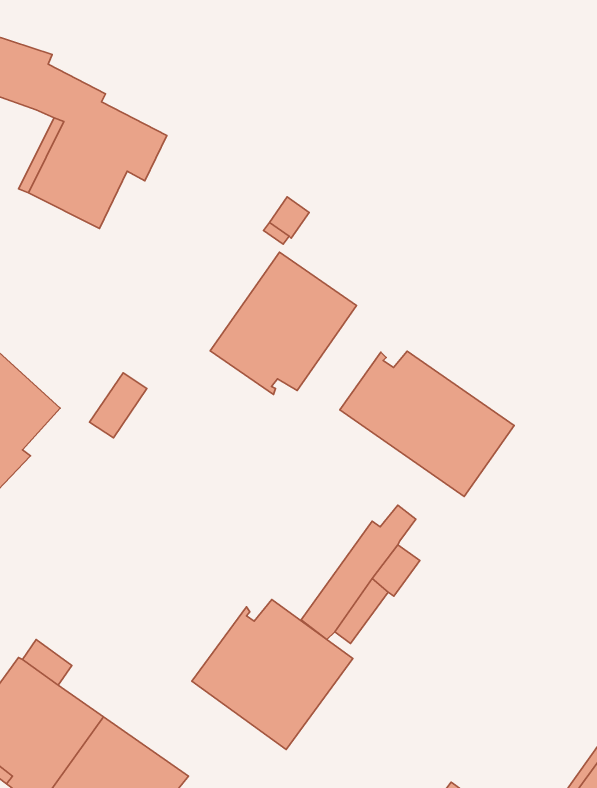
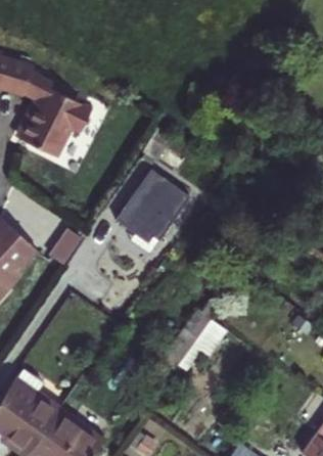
building: [340,351,514,496] -> none
building: [192,600,353,749] -> none

